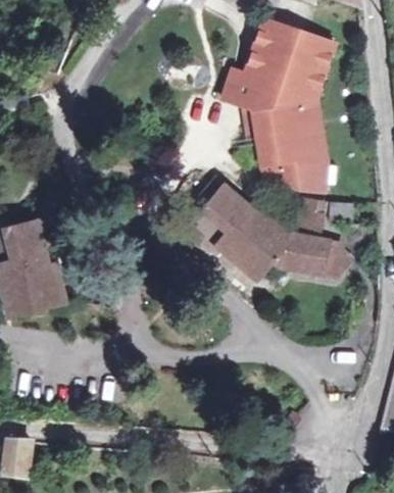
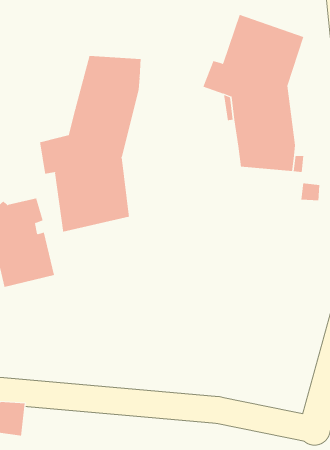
building: none -> [39,55,141,233]
building: [193,178,349,279] -> none

